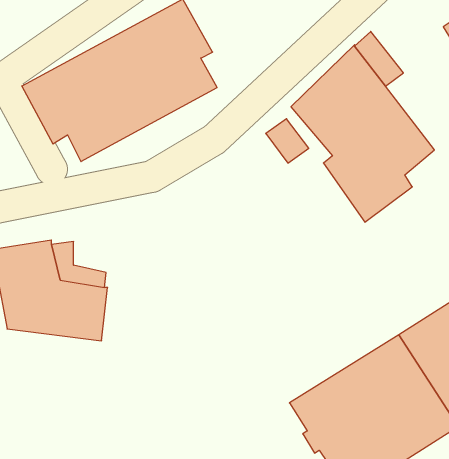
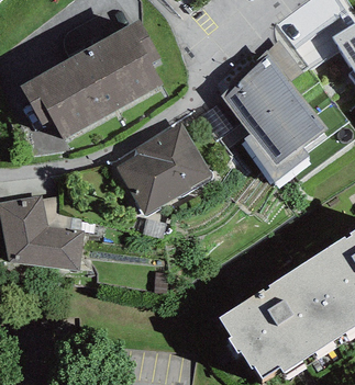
building: none -> [114,124,211,217]

